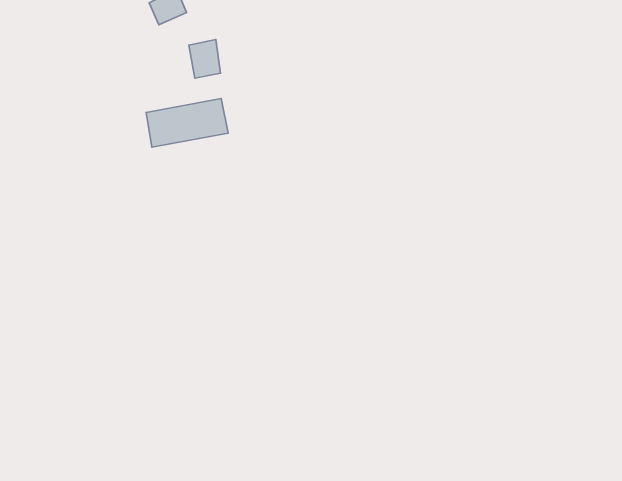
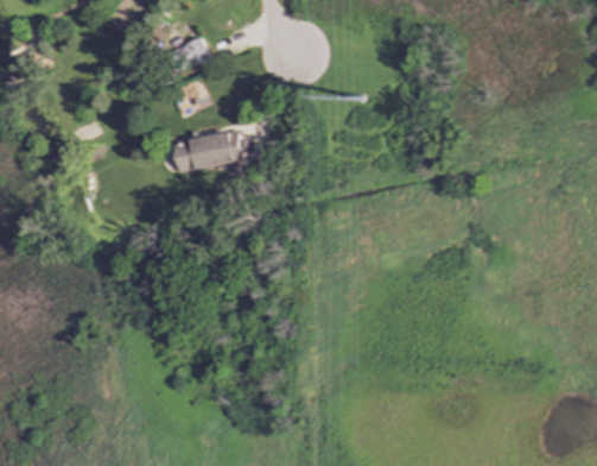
building: [189,39,220,78] -> none

